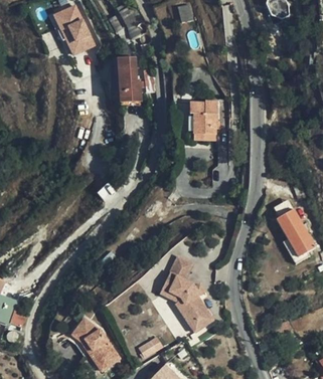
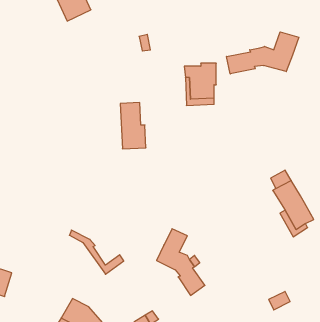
building: [117,55,142,101] -> [120,103,146,149]
building: none -> [227,32,299,74]
building: [160,290,213,333] -> [69,230,124,274]

